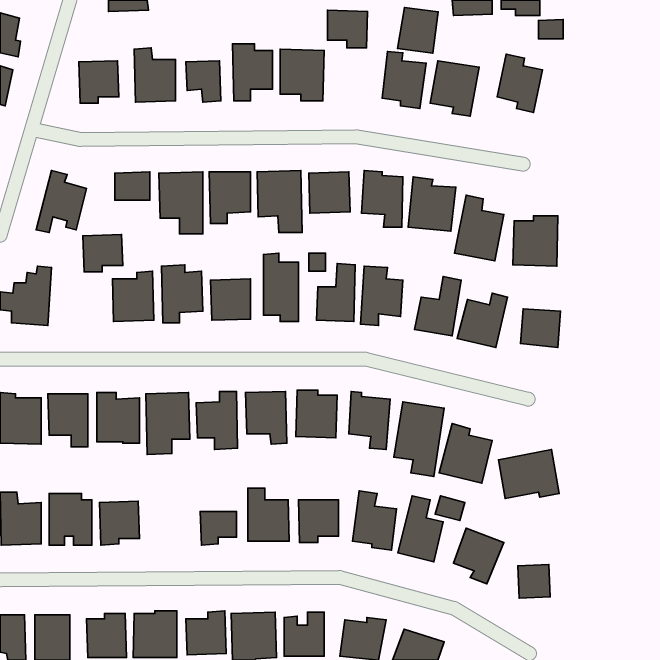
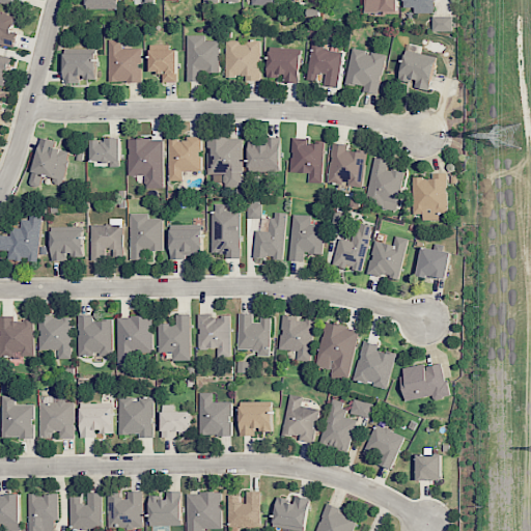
building: [398,8,438,53] -> none
building: [328,10,368,48] -> [268,52,300,82]
building: [83,234,123,272] -> [51,230,83,260]
building: none -> [118,397,153,438]

